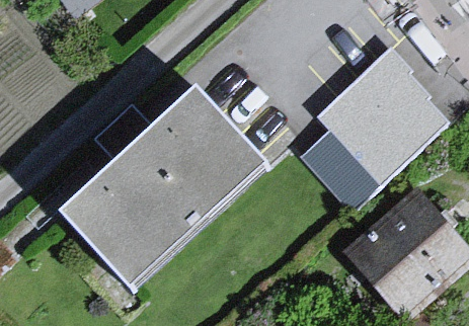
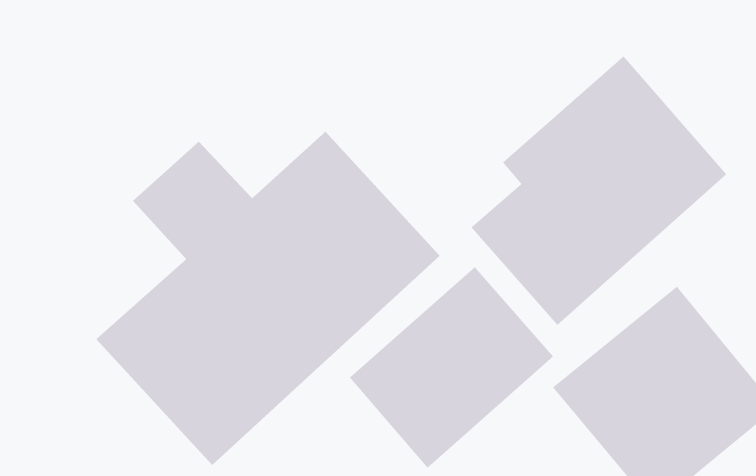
building: none -> [349,267,554,469]

